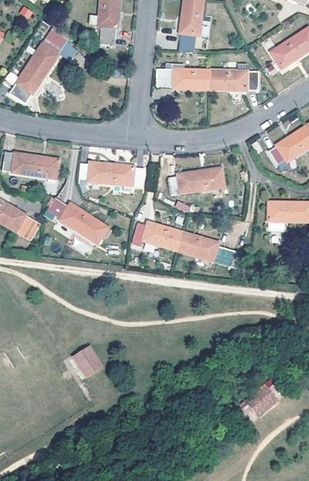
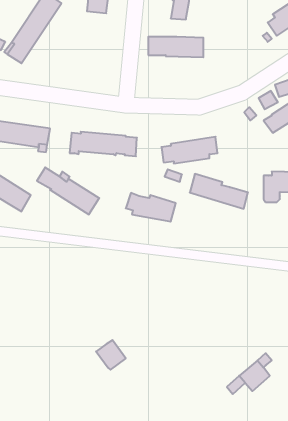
building: [209,70,258,90] -> none
building: [177,232,234,266] -> [190,174,248,209]
building: [72,346,101,375] -> [96,340,126,370]

